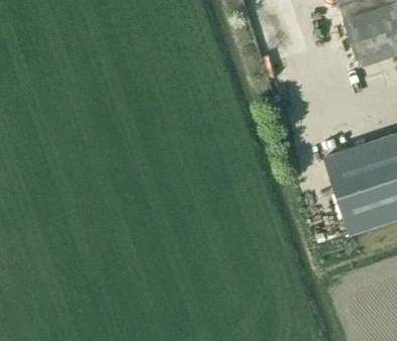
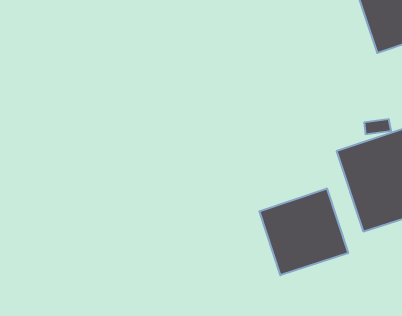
building: none -> [260,188,348,275]

